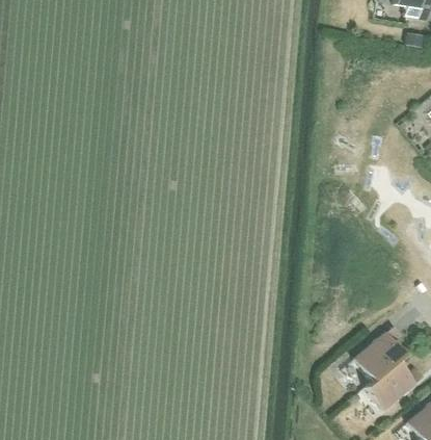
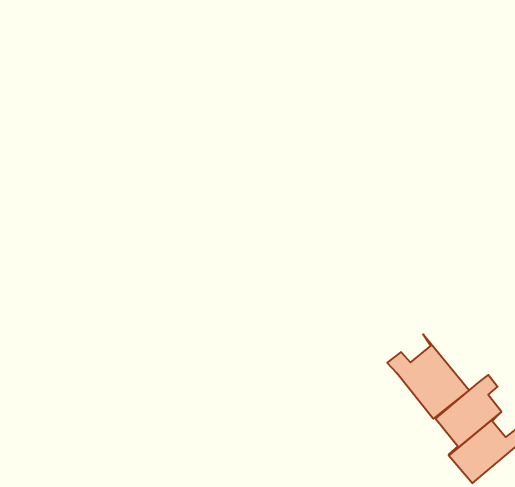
building: none -> [387,334,469,419]

